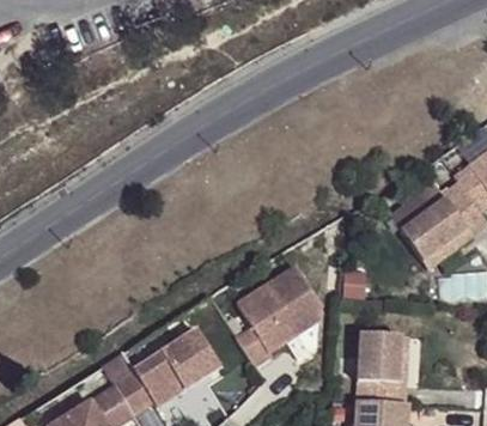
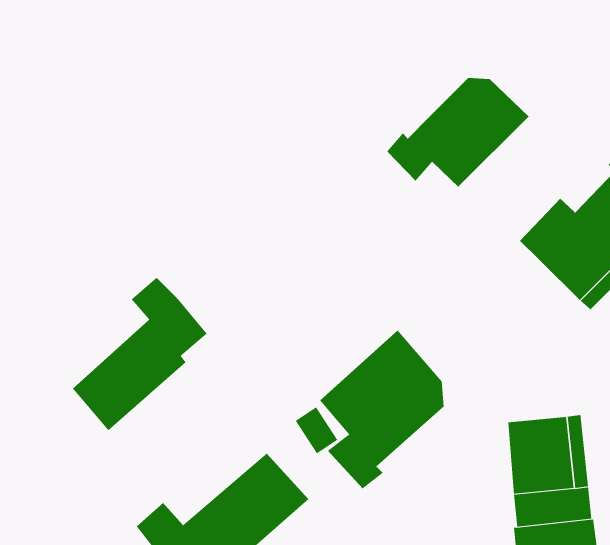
building: none -> [386,77,530,187]
building: none -> [72,277,207,431]

